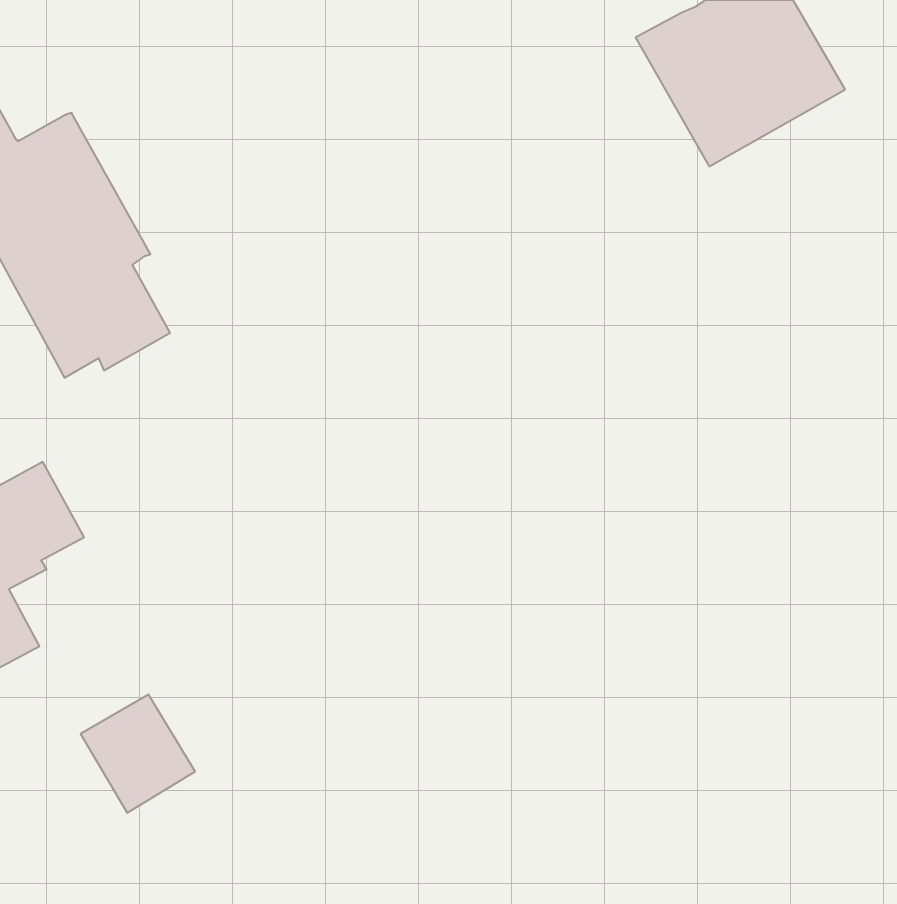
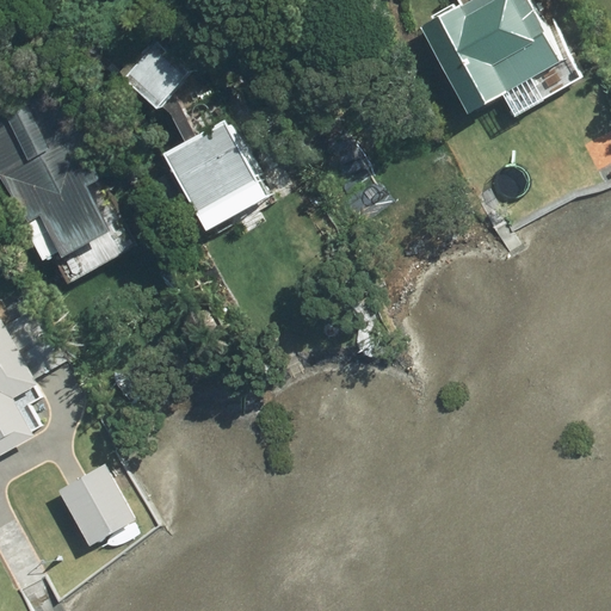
building: none -> [122,38,190,106]
building: none -> [163,121,258,214]

